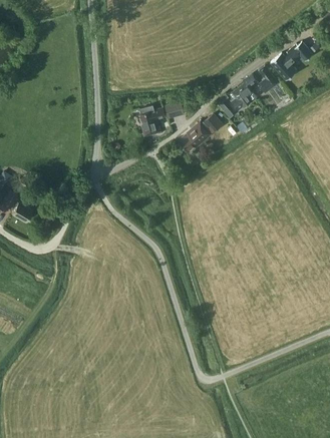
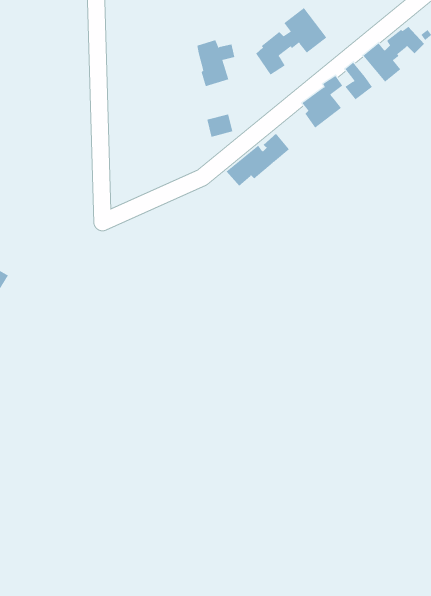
building: none -> [255,7,327,76]
building: [139,106,166,138] -> [196,39,235,87]

